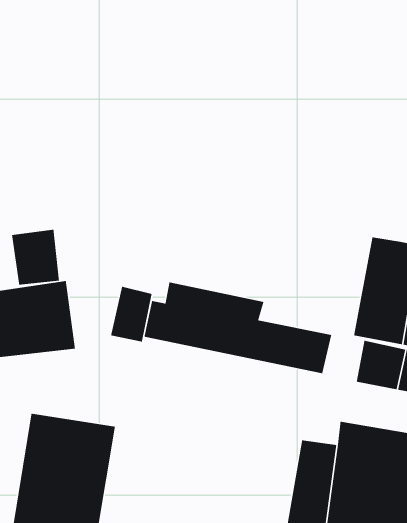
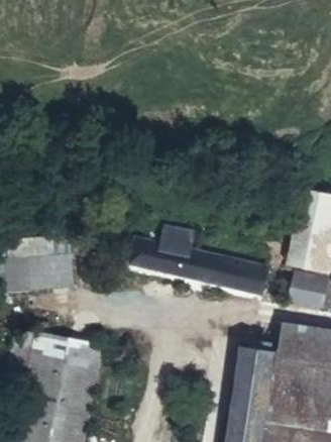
building: [11,229,60,285] -> none
building: [110,286,152,342] -> none

